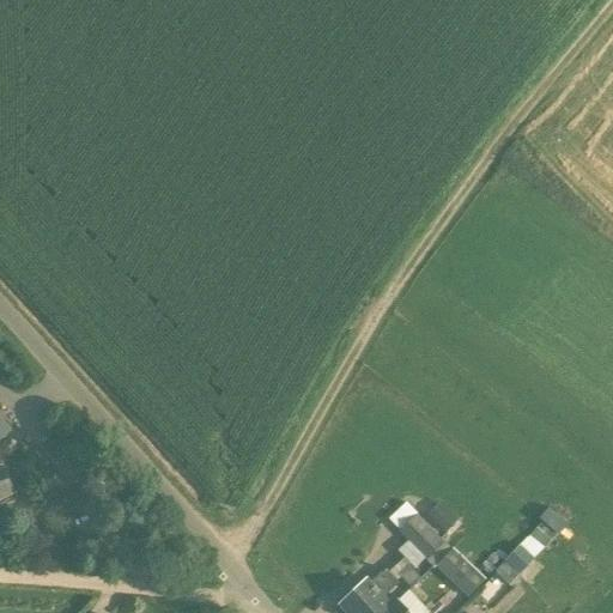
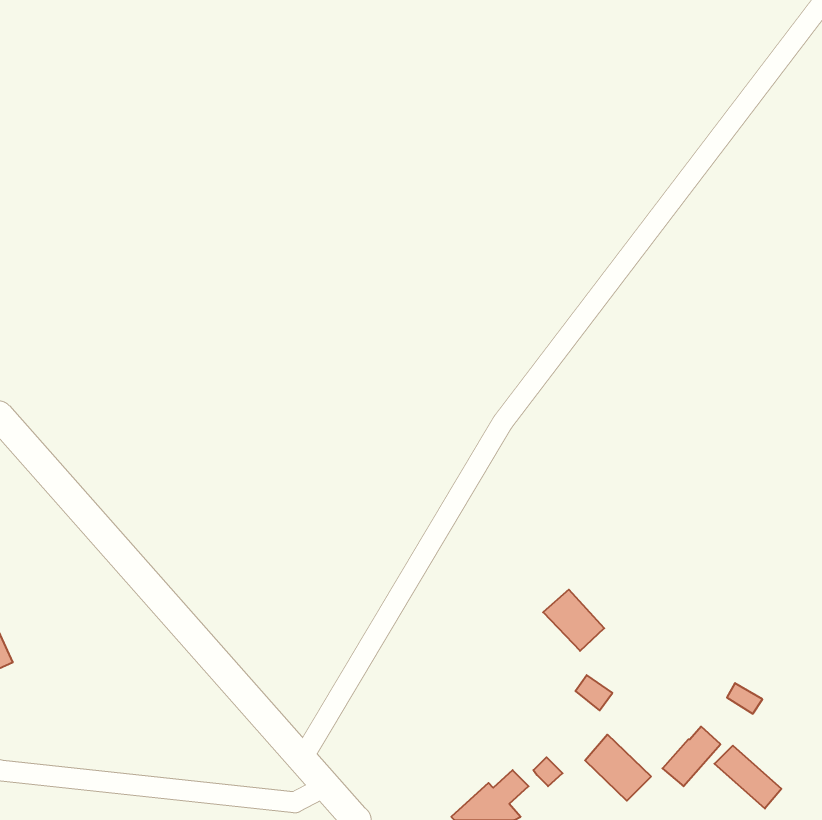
building: [396,514,442,559] -> [543,590,604,651]
building: none -> [714,746,781,809]

